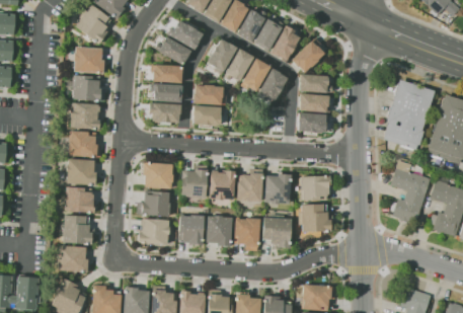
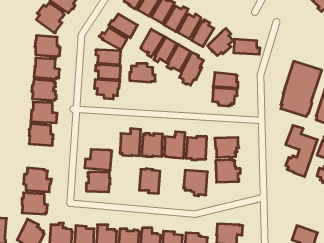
building: [298,74,331,93] -> [234,39,260,54]
building: [191,105,224,129] -> none
building: [142,162,172,188] -> none
building: [64,186,94,213] -> none
building: [177,215,203,245] -> none
building: [233,217,259,251] -> none

